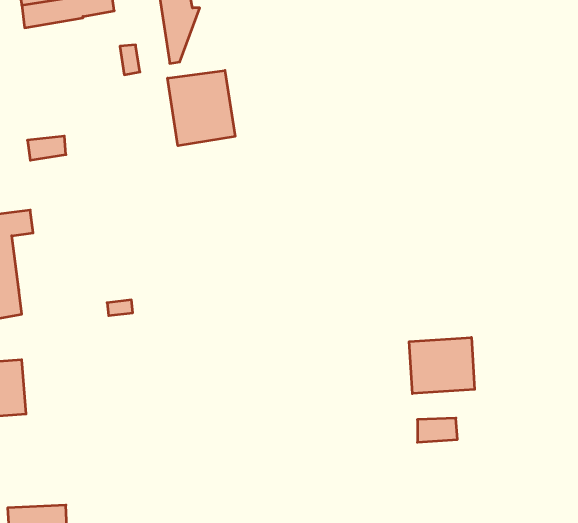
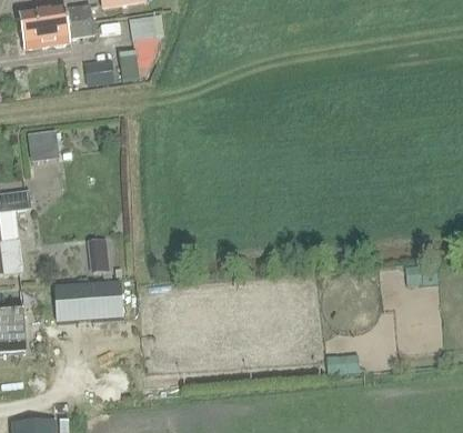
building: [168,70,235,146] -> none
building: none -> [53,282,122,323]
building: [409,337,475,394] -> none

